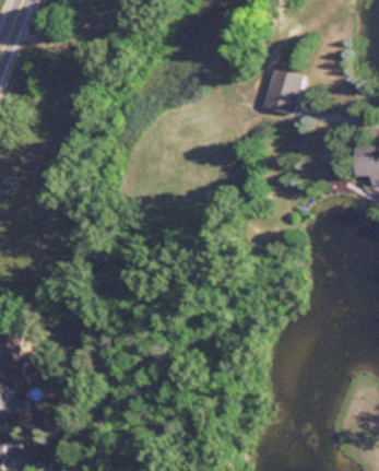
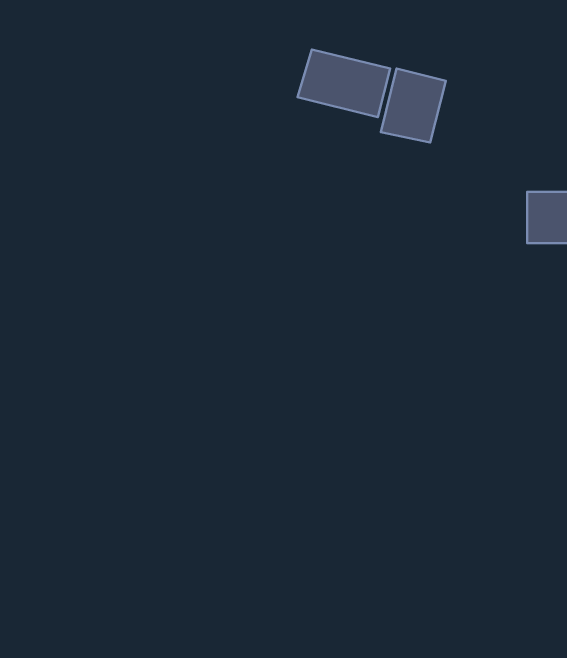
building: none -> [298,49,390,117]

